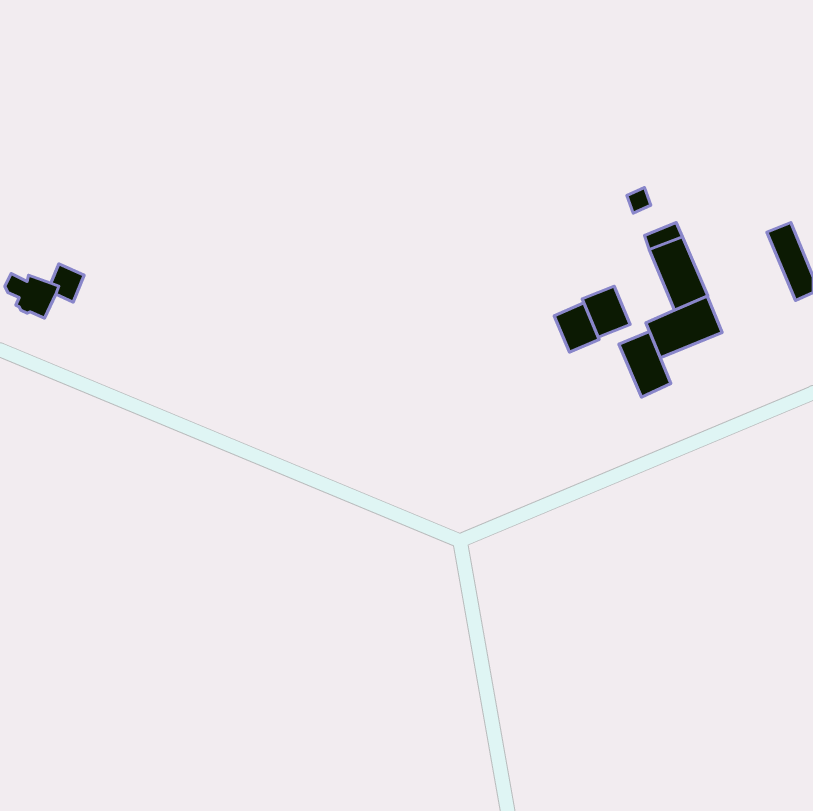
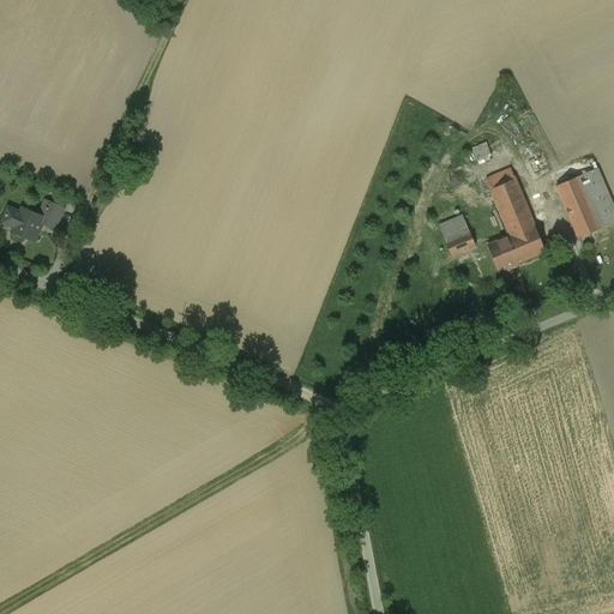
building: none -> [555,175,600,236]
building: [554,303,599,352] -> none
building: [619,331,671,397] -> none

